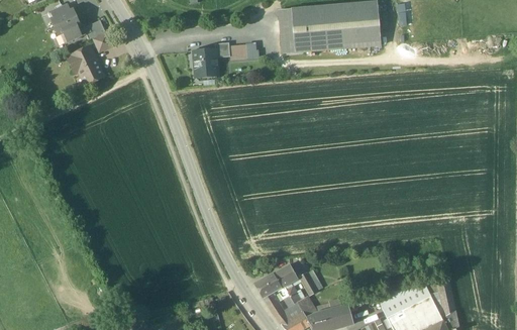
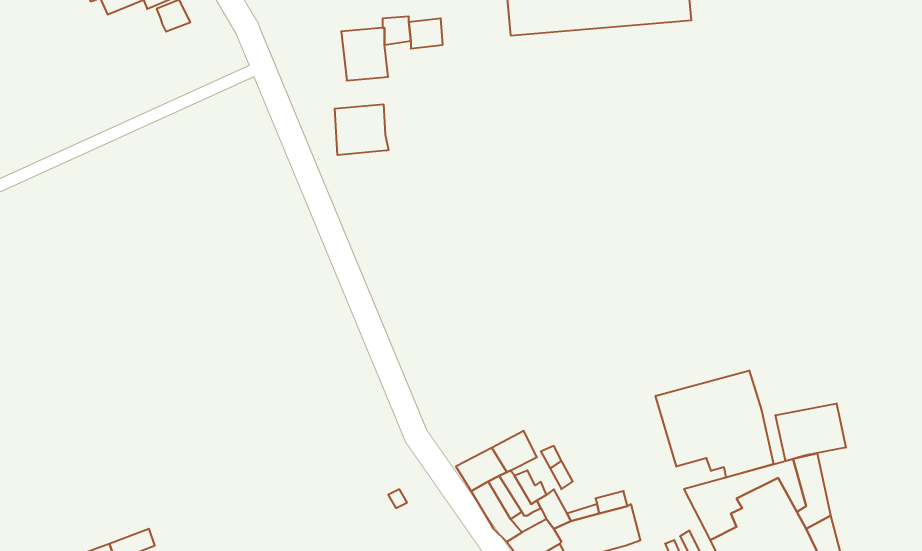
building: [68,46,104,85] -> none
building: none -> [335,104,388,155]
building: none -> [656,370,774,478]
building: none -> [776,403,846,461]

